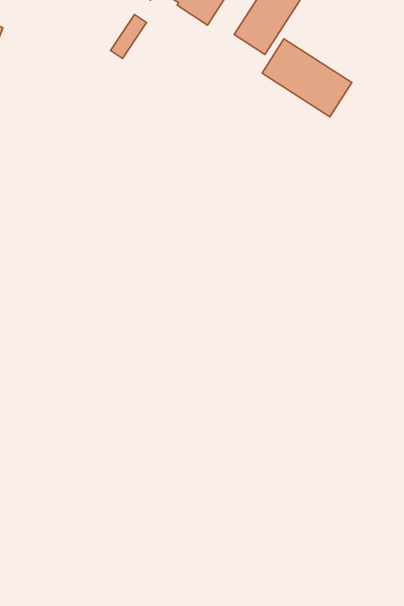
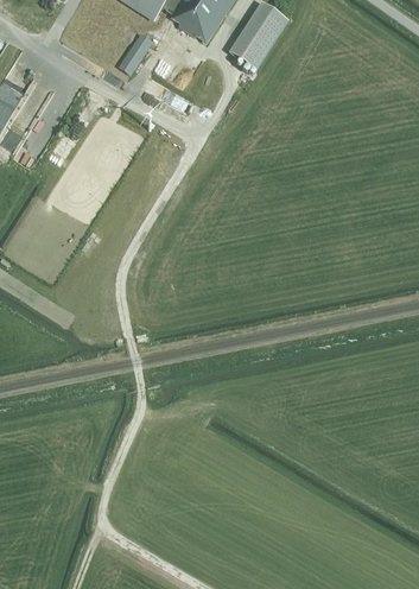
building: [262,39,352,117] -> none

